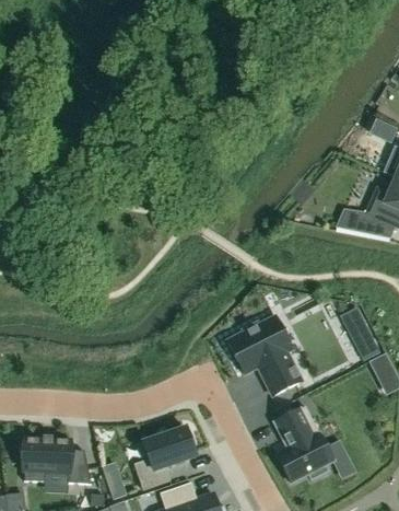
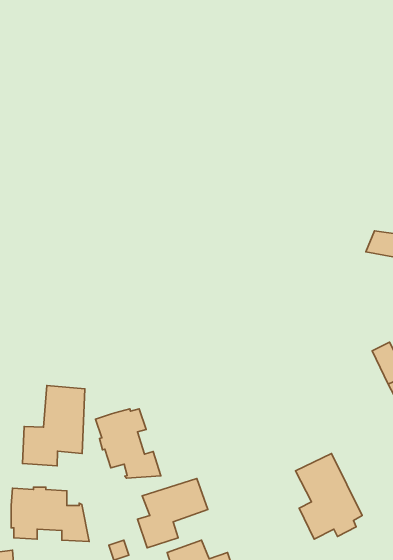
building: [227,315,301,394] -> none
building: none -> [22,386,85,466]
building: none -> [95,409,161,478]

